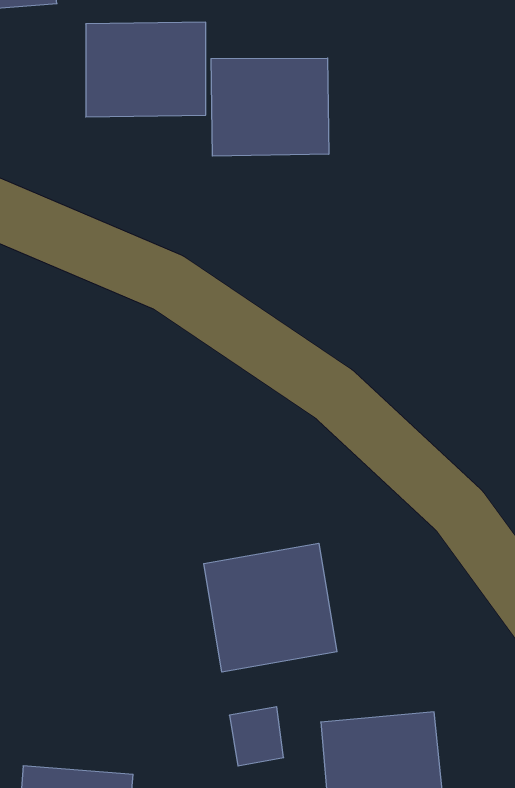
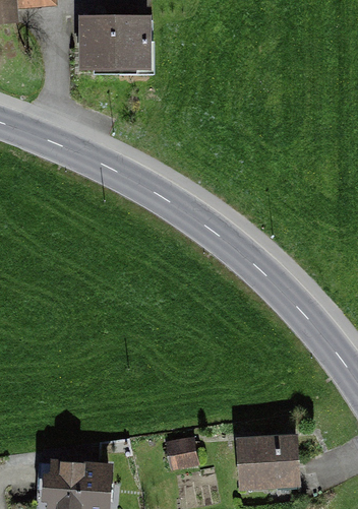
building: [211,58,329,156] -> none
building: [204,543,337,672] -> none

